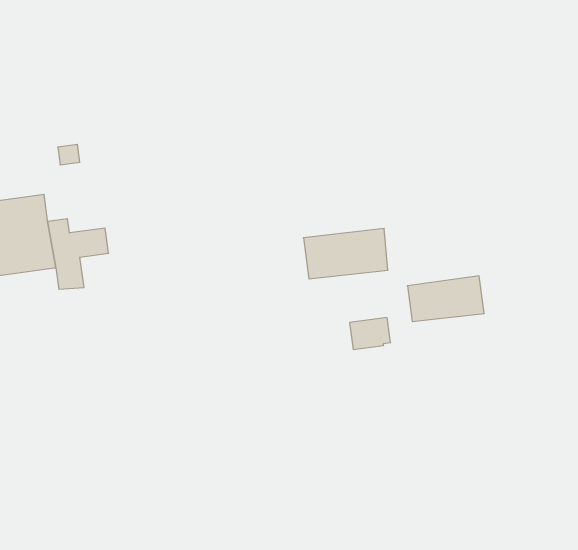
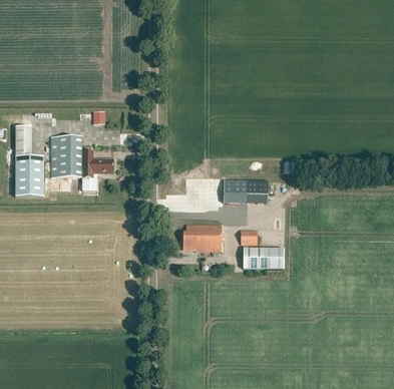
building: [407,276,484,322] -> [244,249,284,270]
building: none -> [183,225,222,251]

